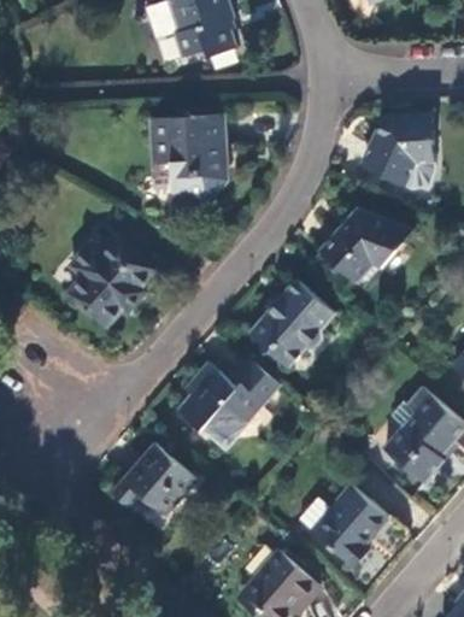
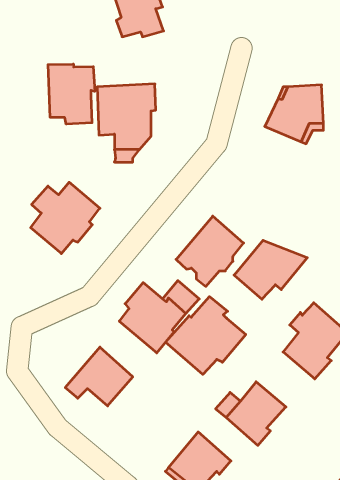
building: none -> [48,64,95,124]
building: [321,208,412,282] -> [234,240,307,299]
building: none -> [166,297,246,374]

